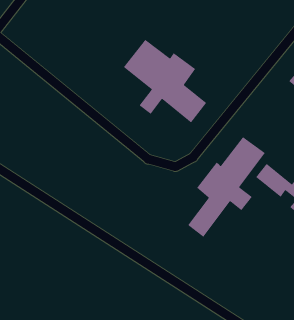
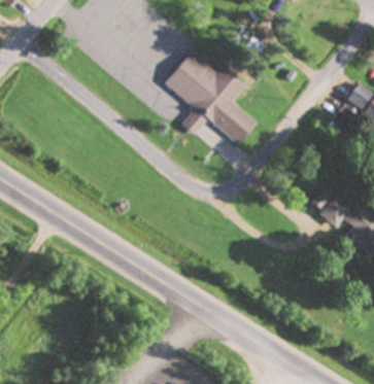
building: [187,136,266,238] -> none

